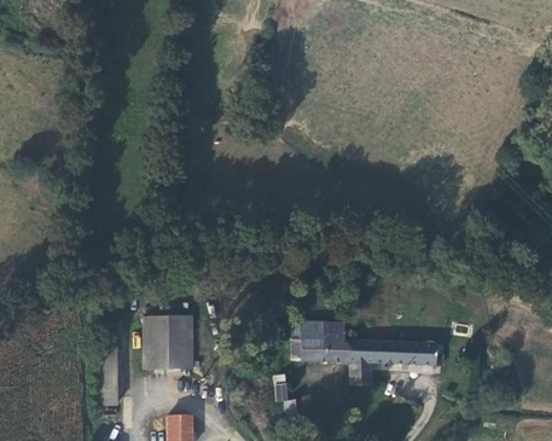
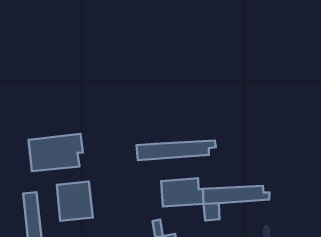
building: none -> [28,134,83,171]
building: none -> [137,141,216,160]

